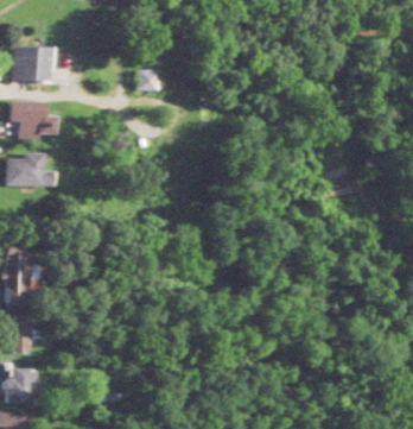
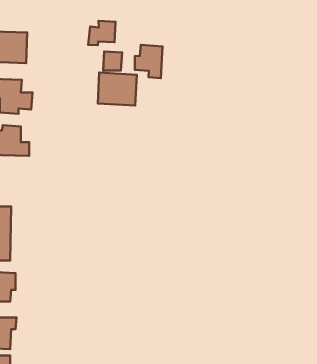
building: none -> [88,21,116,45]
building: none -> [135,45,163,78]
building: none -> [98,73,137,106]

